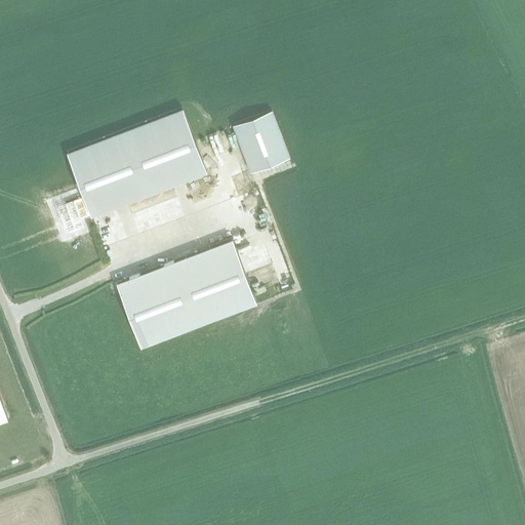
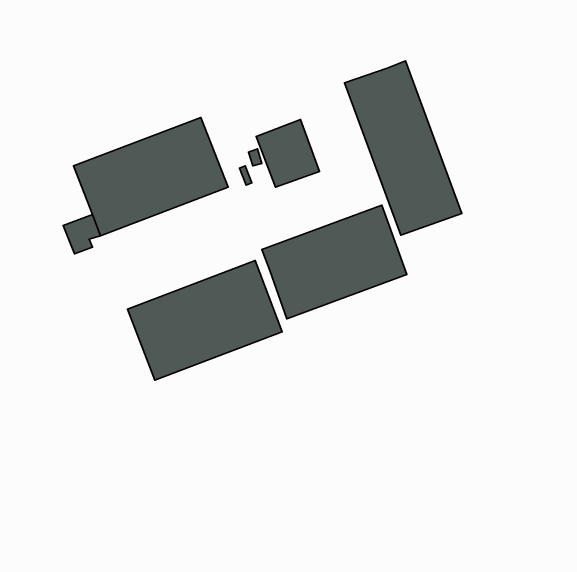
building: none -> [344,61,462,235]
building: none -> [262,205,407,319]

